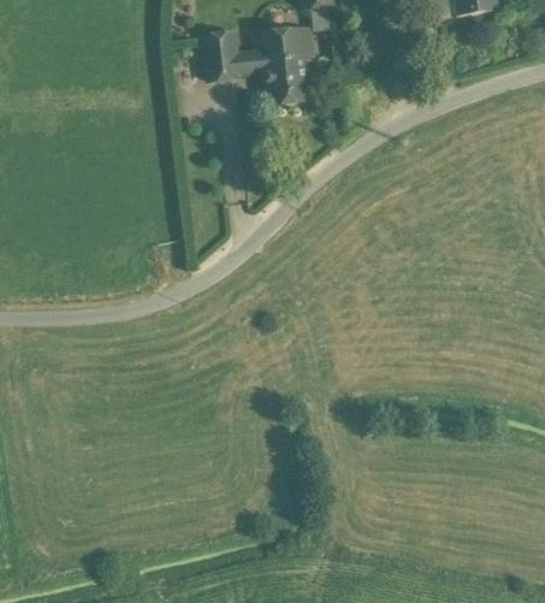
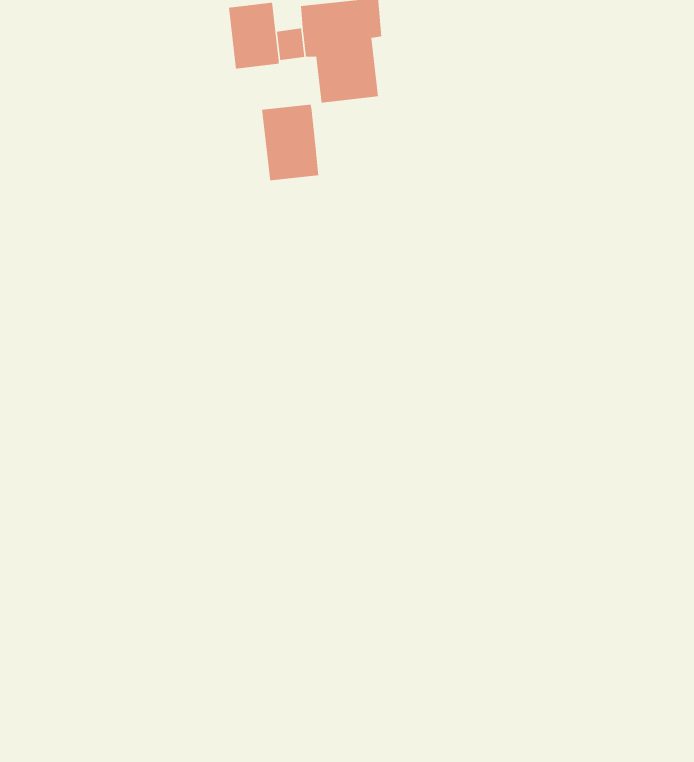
building: none -> [262,104,319,181]

